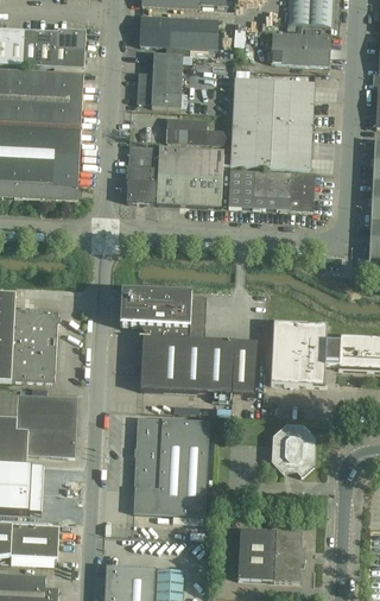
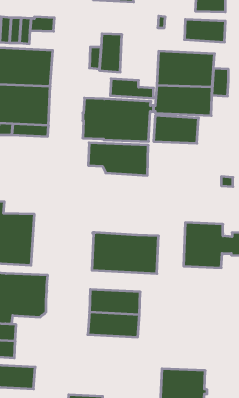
building: [139,14,217,48] -> none
building: [51,48,86,69] -> none
building: [290,171,314,210] -> [212,68,228,96]
building: [120,292,205,339] -> [88,143,148,175]
building: [233,340,258,394] -> none
building: [271,423,315,475] -> none
building: [133,480,205,514] -> none

